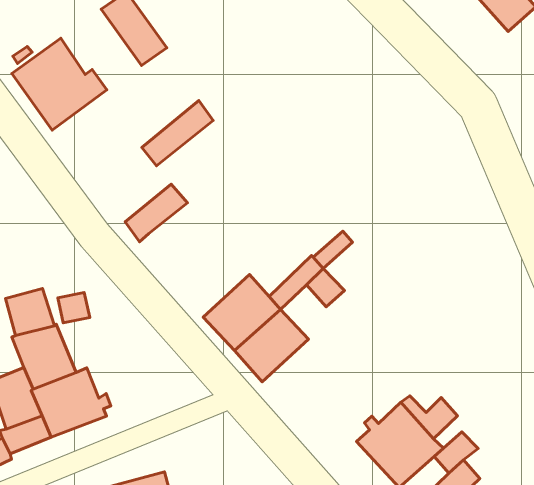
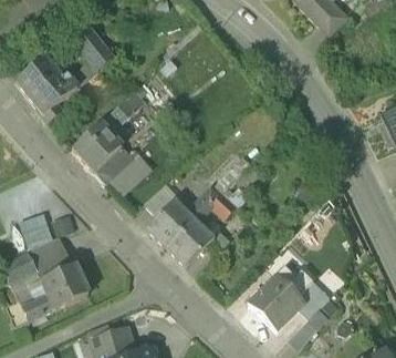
building: none -> [73,122,122,170]
building: none -> [110,151,153,193]

